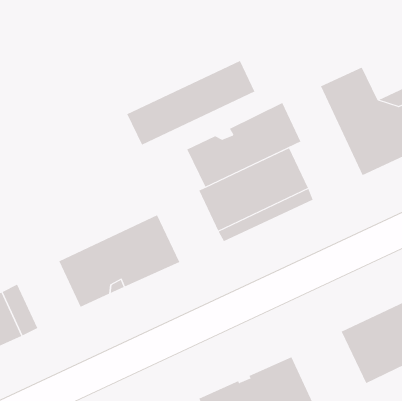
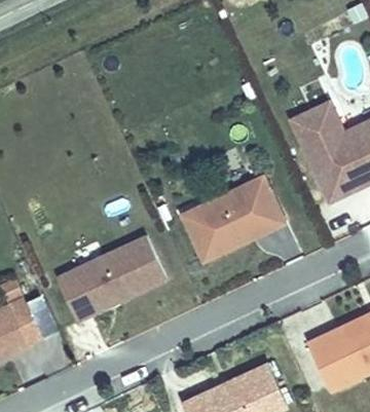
building: [127,60,255,145] -> none
building: [187,102,301,187] -> none

